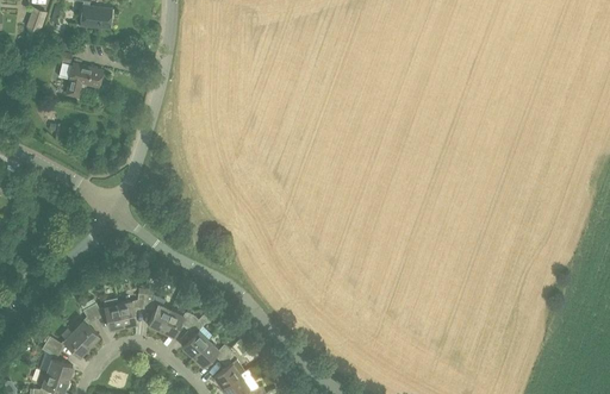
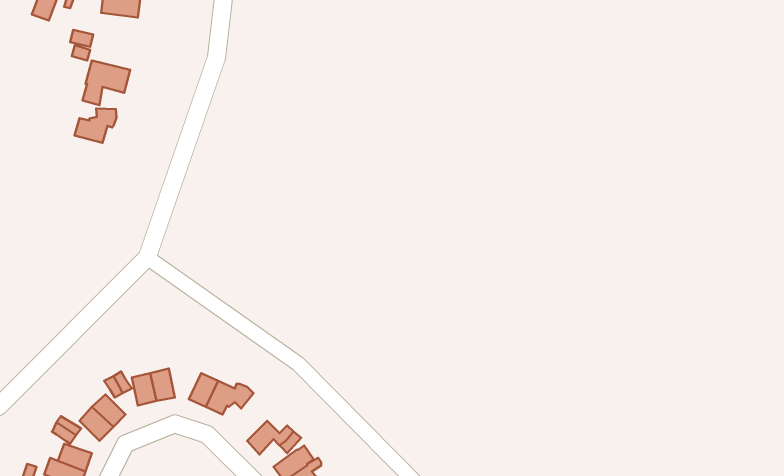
building: none -> [75,109,117,143]
building: [181,314,211,356] -> none

